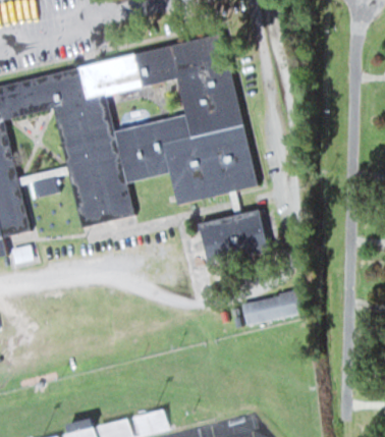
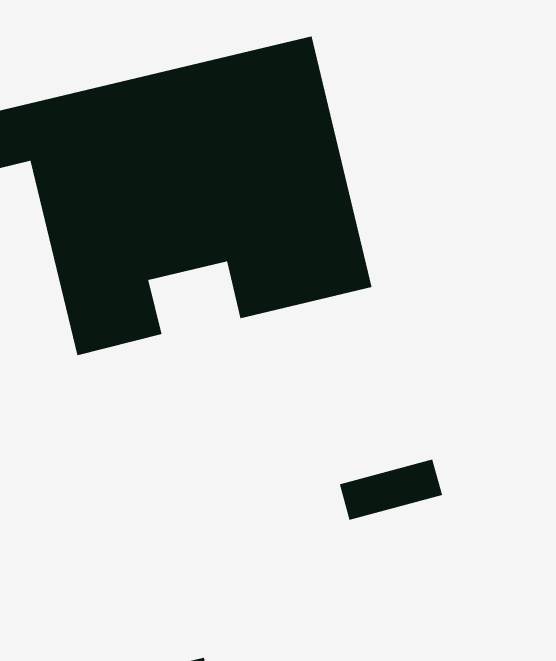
building: [203,209,273,264] -> none

